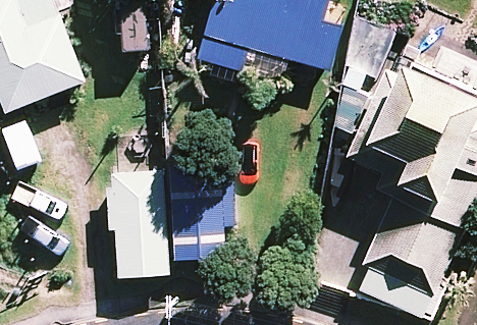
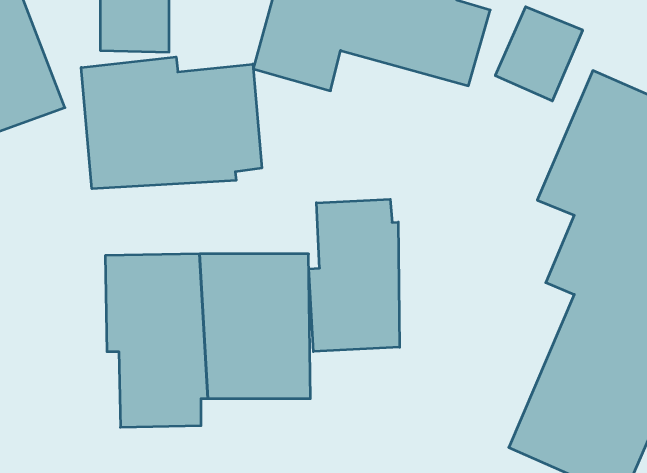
building: none -> [81,57,262,189]
building: none -> [309,199,400,352]

